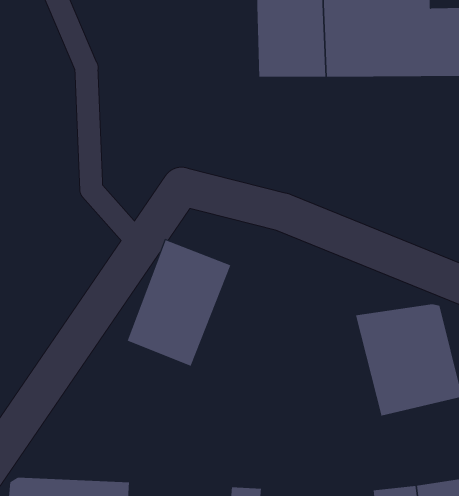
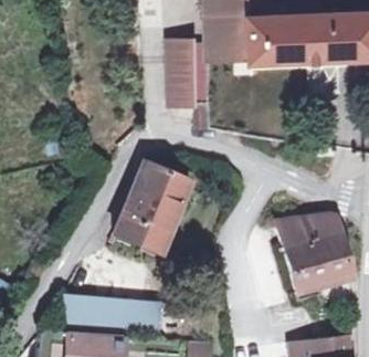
building: none -> [167,46,212,127]
building: none -> [61,301,160,337]

